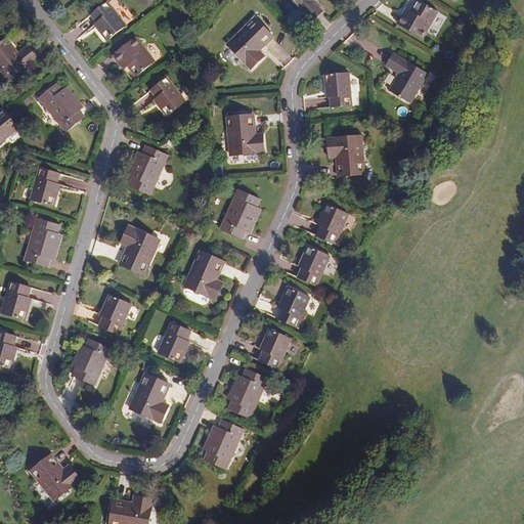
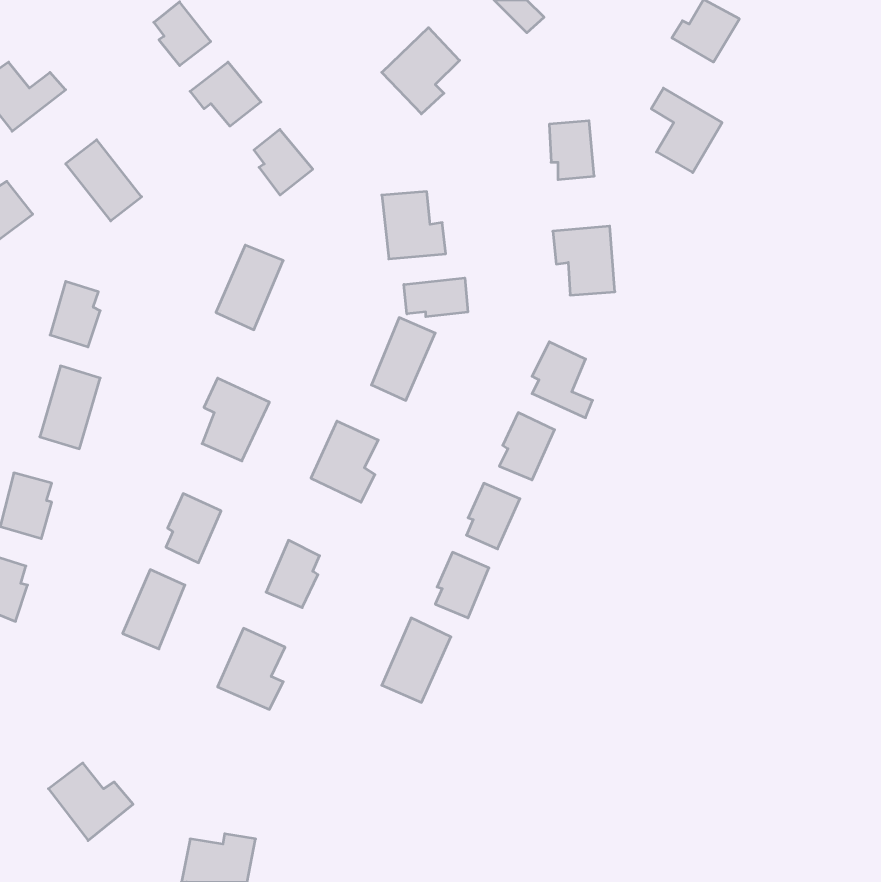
building: none -> [404,278,468,317]
building: [203,419,243,468] -> none

